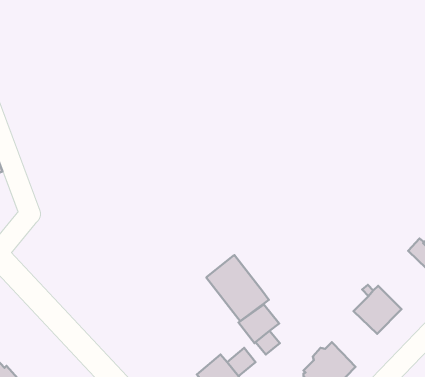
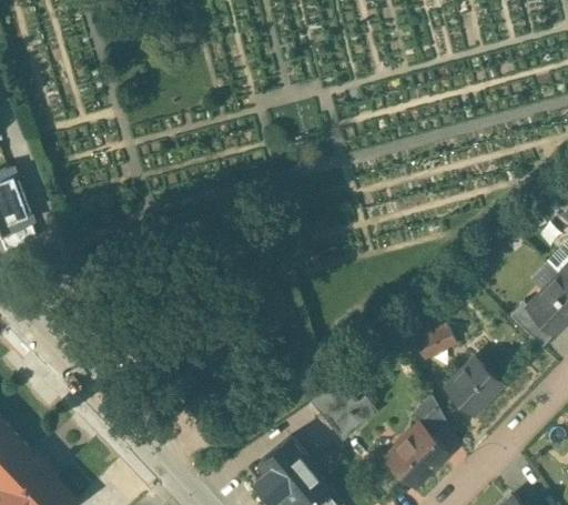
building: [206,255,269,321] -> none
building: none -> [414,326,455,360]
building: none -> [408,396,447,437]

